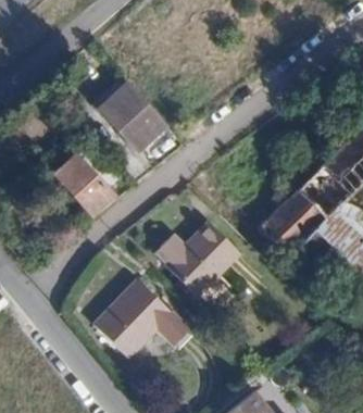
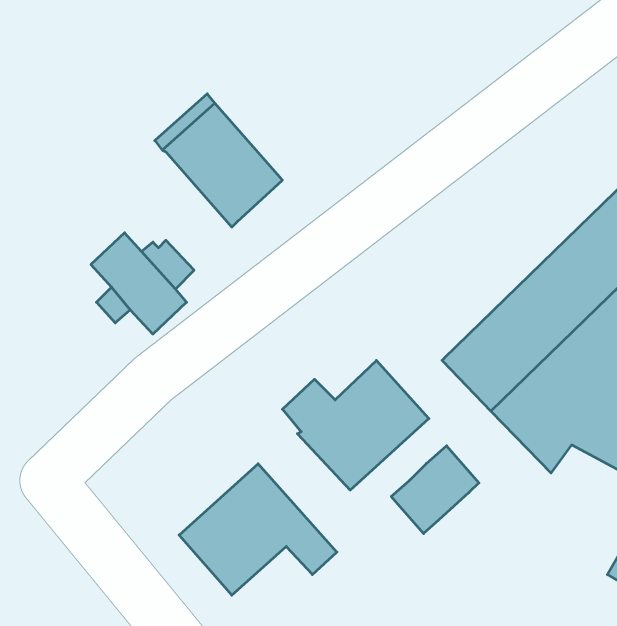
building: none -> [391,446,479,534]

